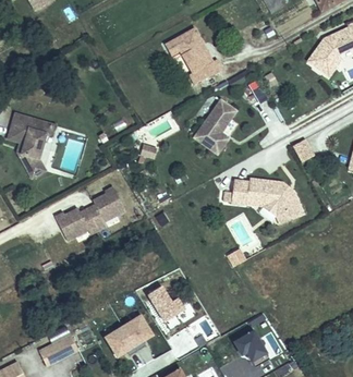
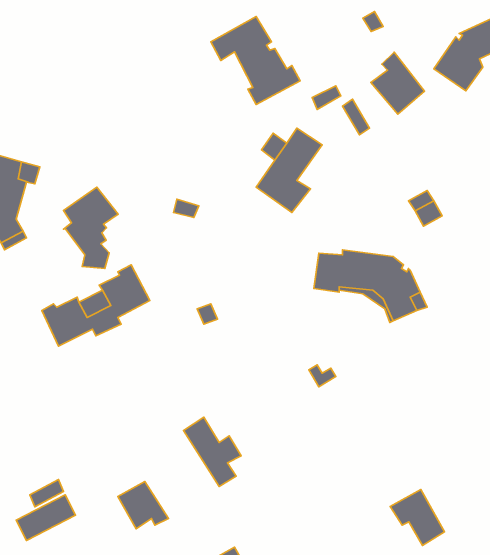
building: none -> [371,52,425,114]
building: none -> [64,187,118,268]
building: [122,315,153,350] -> none
building: [234,330,269,366] -> [390,490,444,545]

